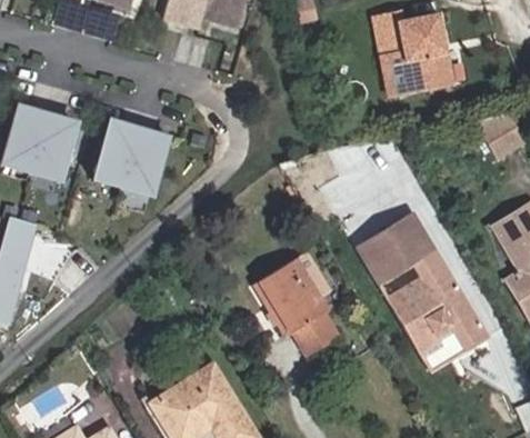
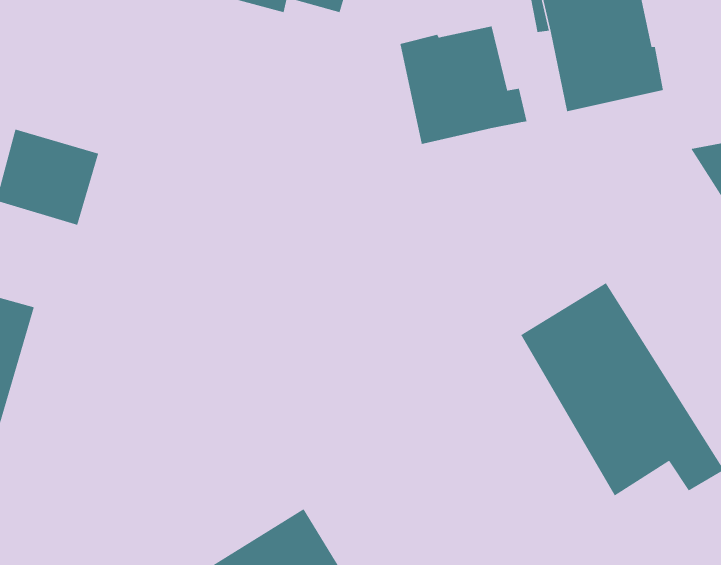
building: none -> [400,25,527,145]
building: [96,123,166,188] -> none
building: [258,251,339,355] -> none

